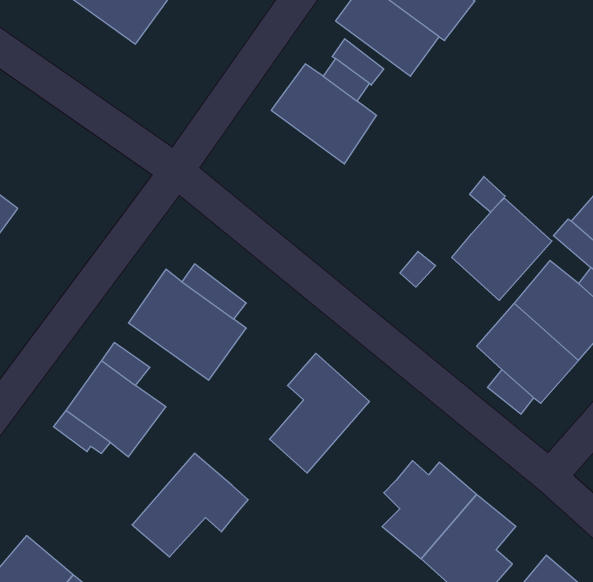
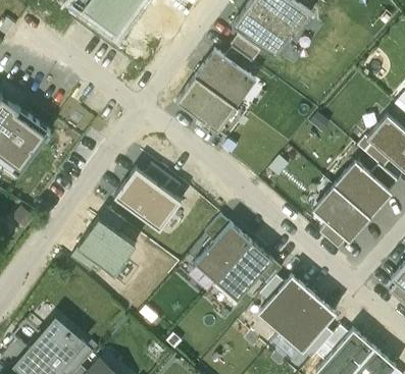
building: none -> [175,76,237,131]
building: [452,198,552,300] -> none
building: [132,453,248,557] -> [215,243,282,302]

